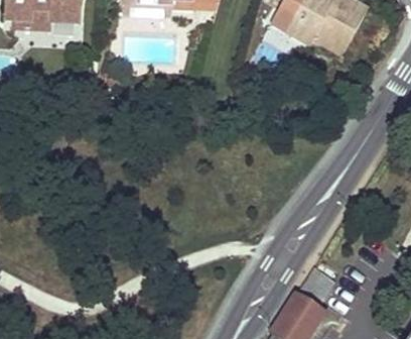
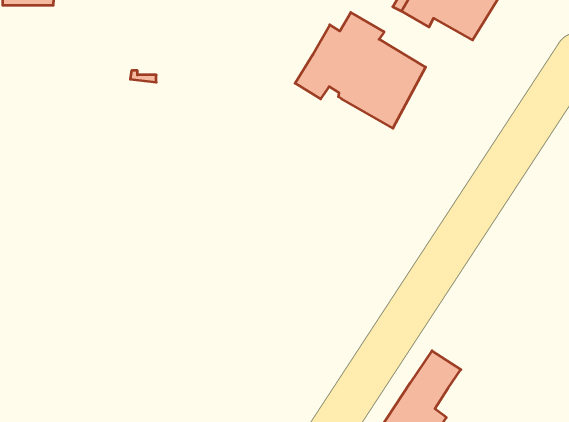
building: none -> [295,12,426,128]

